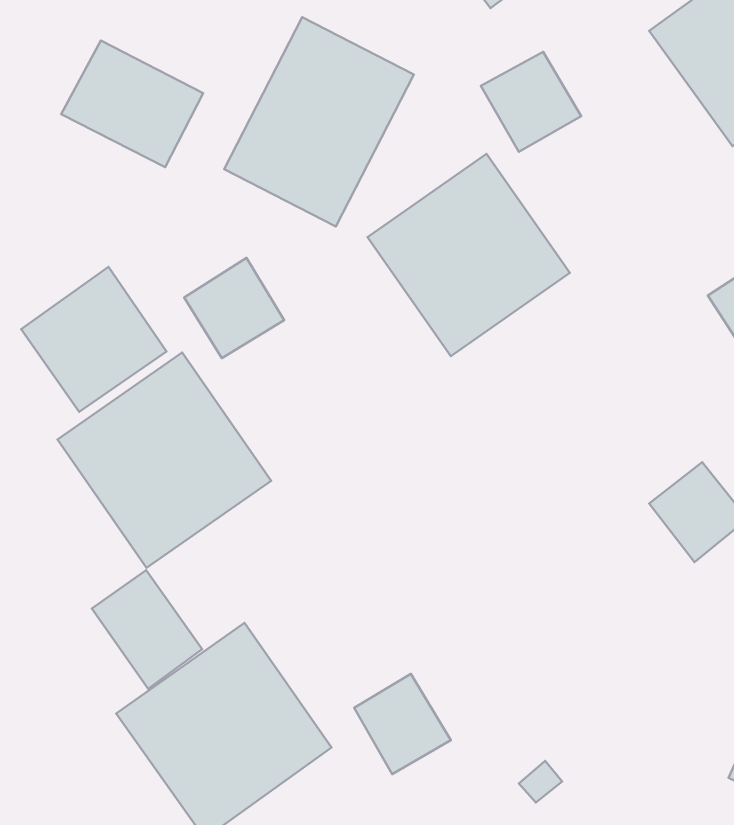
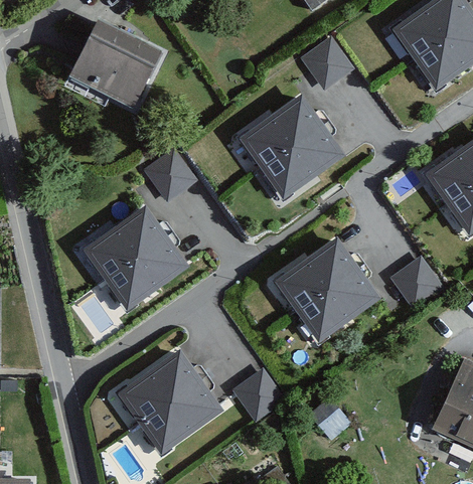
building: [224,17,414,227] -> none
building: [21,267,166,412] -> none
building: none -> [274,241,380,346]
building: [92,570,202,689] -> none

